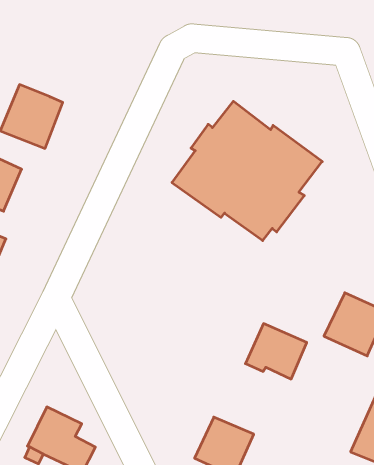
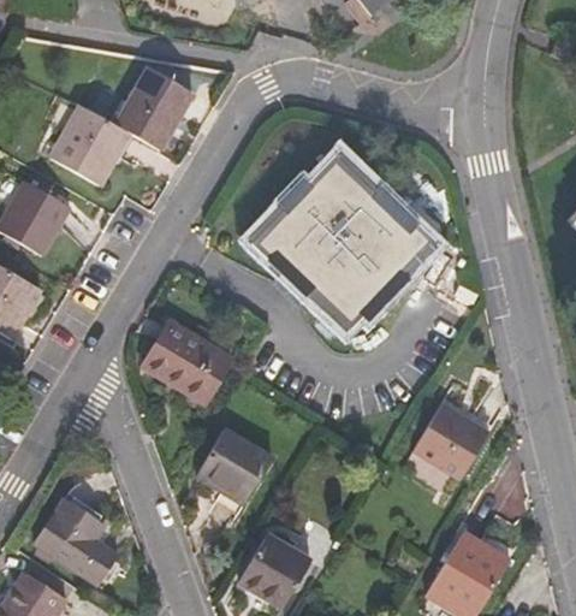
building: none -> [114,66,192,150]
building: none -> [142,321,231,402]
building: [245,324,307,379] -> [195,428,272,499]

